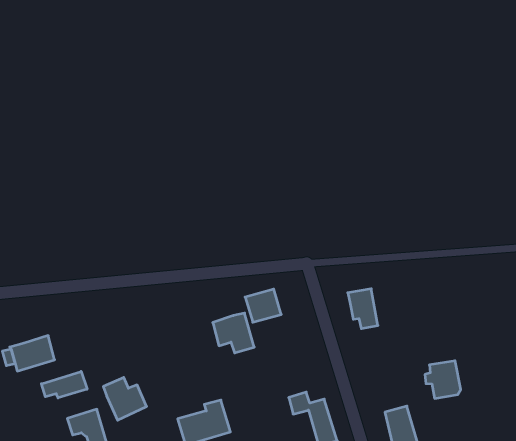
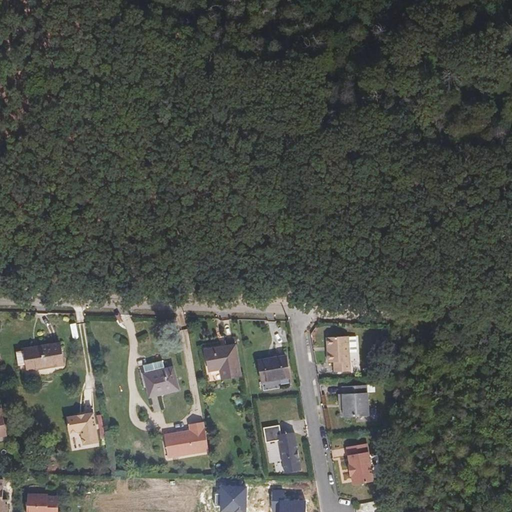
building: [245,289,281,322] -> [261,357,291,384]
building: [425,361,461,398] -> [338,386,368,417]
building: [41,371,87,398] -> none
building: [103,377,147,420] -> [141,357,177,394]

